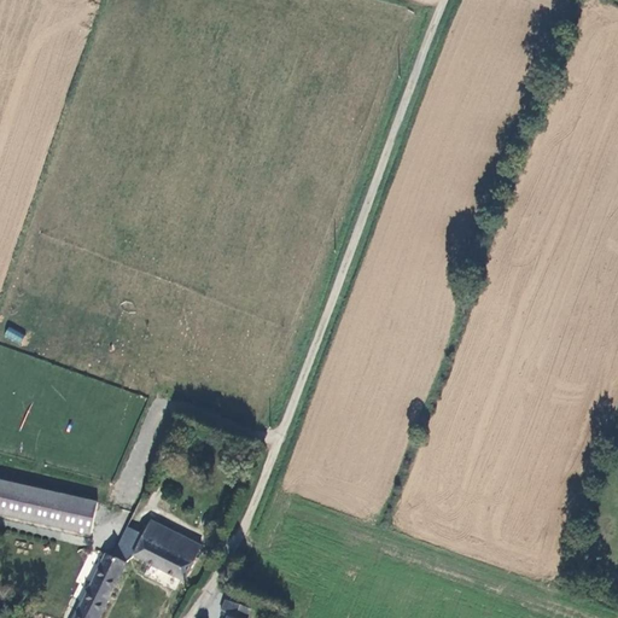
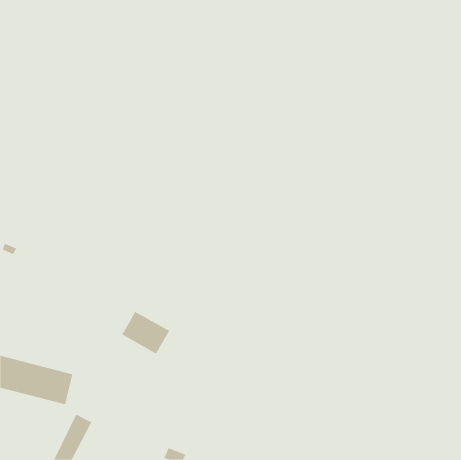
building: [130,518,196,576] -> [121,311,170,354]

